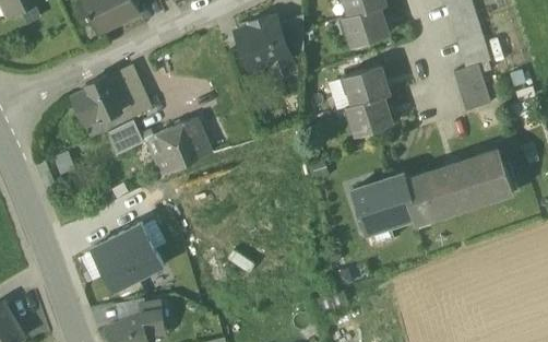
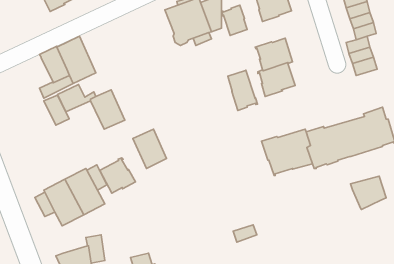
building: none -> [221,5,247,36]
building: [71,91,102,127] -> [44,95,69,125]
building: none -> [228,70,258,111]
building: [171,118,212,165] -> [133,129,166,168]
building: none -> [100,158,135,193]
building: none -> [350,176,386,209]
building: [106,299,143,325] -> none

